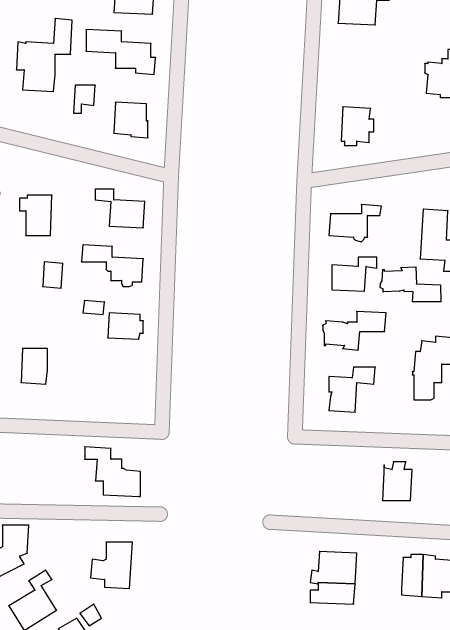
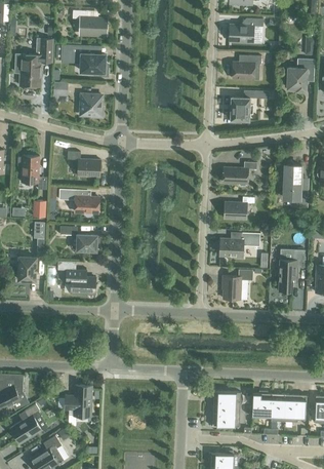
building: none -> [231,54,260,79]
building: [380,267,441,302] -> none
building: [85,447,140,496] -> [57,261,94,294]
building: [383,462,412,501] -> [251,390,271,416]

